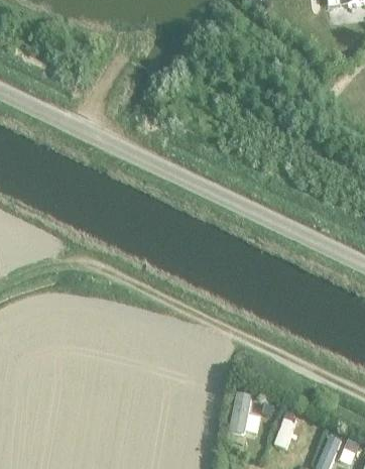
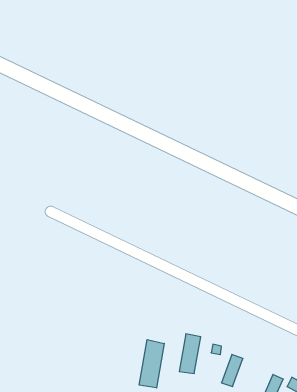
building: none -> [139,340,164,388]

